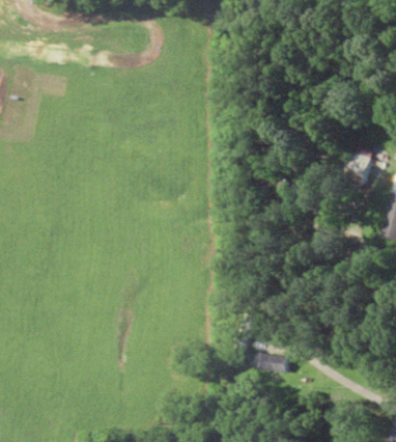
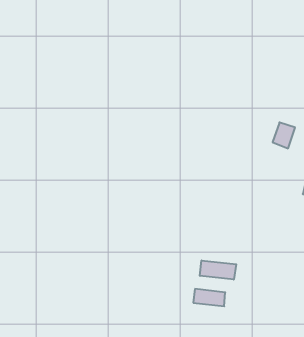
building: none -> [200,260,236,280]

